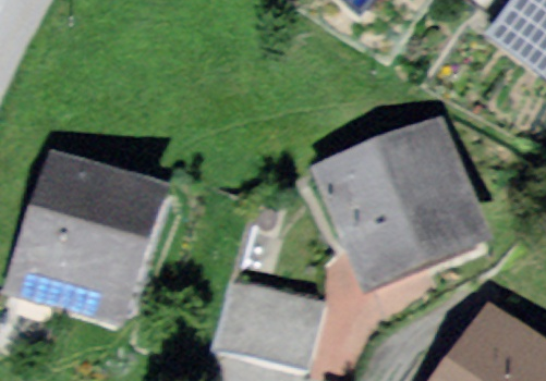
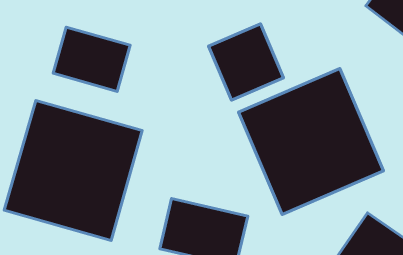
building: none -> [208,24,283,100]
building: none -> [53,27,130,91]

